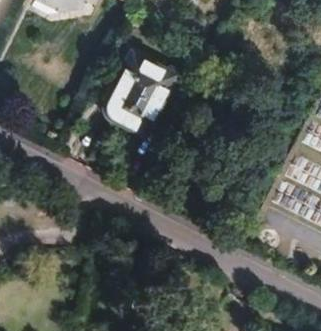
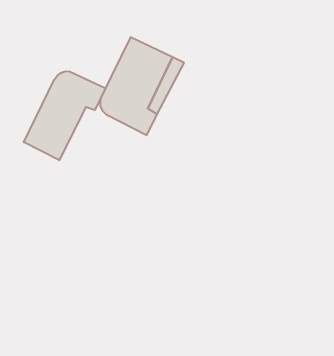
building: none -> [24,71,105,160]

